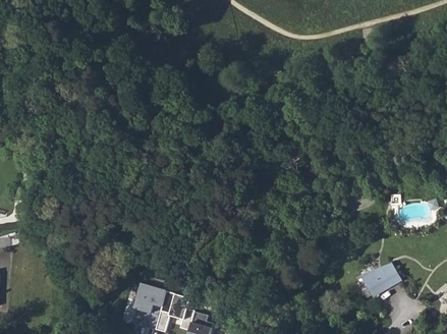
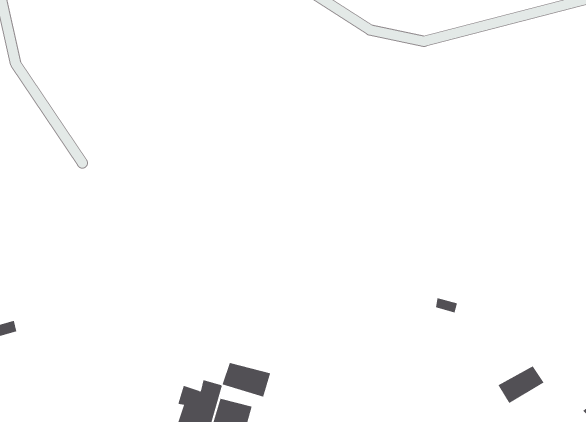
building: none -> [222,362,271,397]

